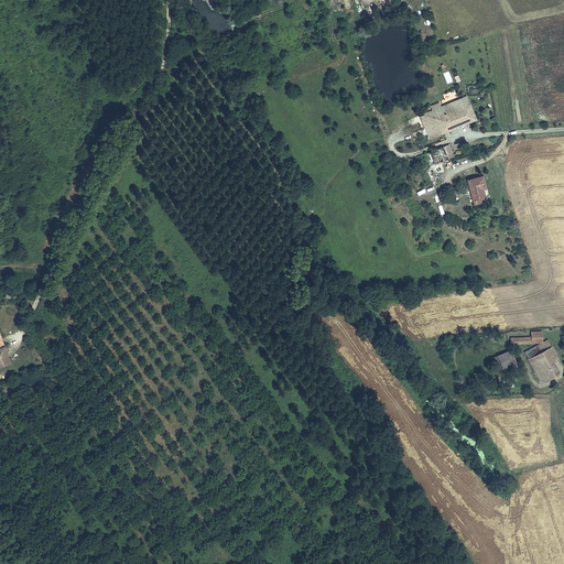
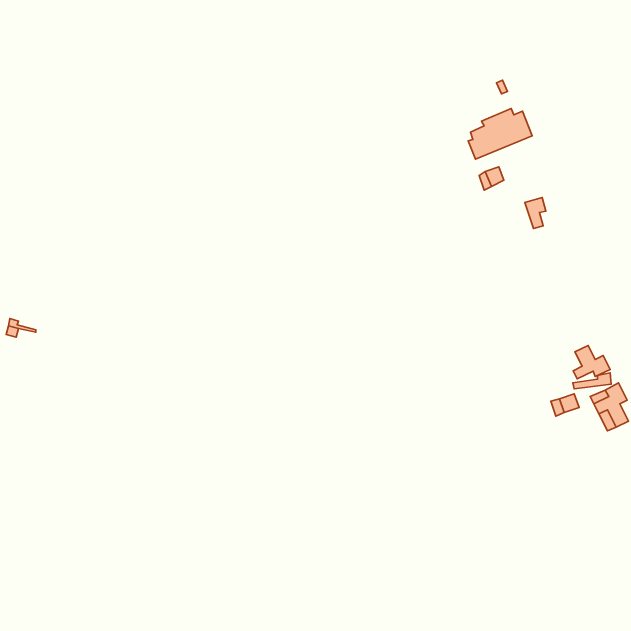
building: none -> [573,345,610,379]

